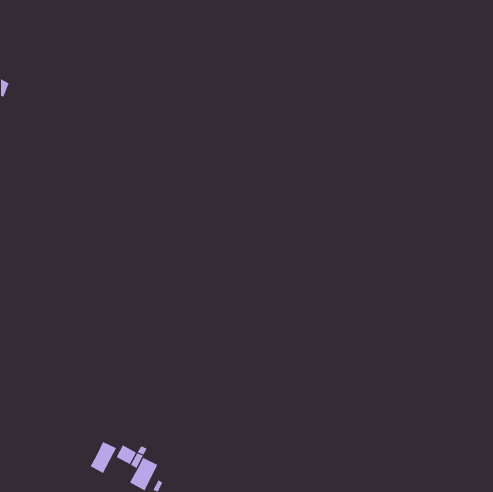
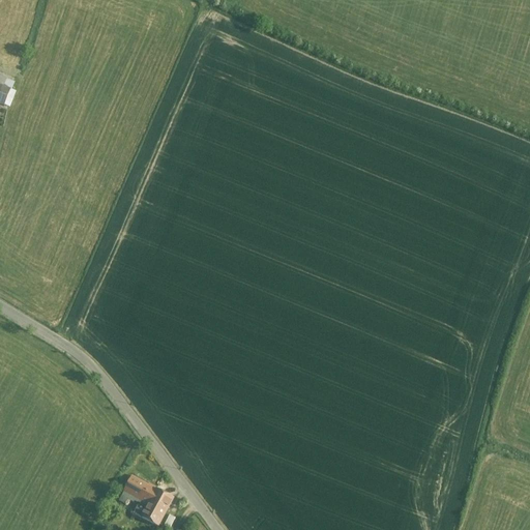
building: [90,441,117,474] -> none

